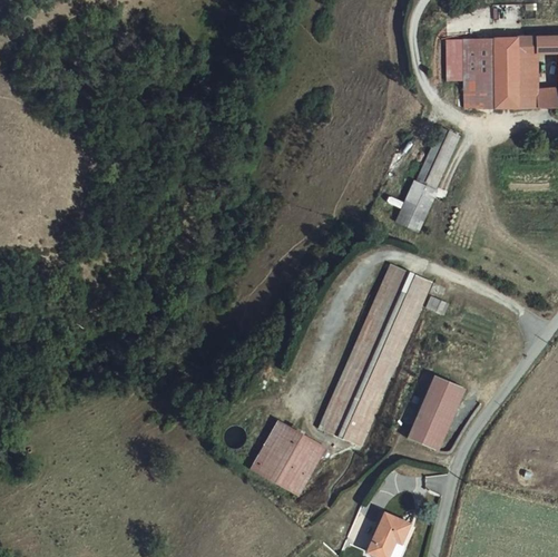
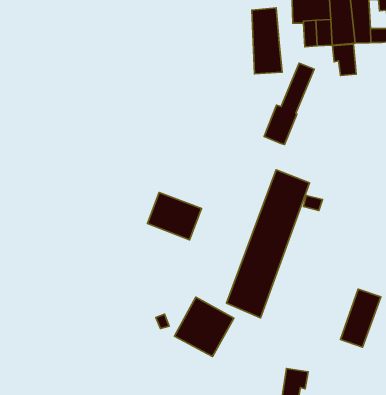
building: none -> [252,8,282,74]
building: none -> [332,44,356,75]
building: none -> [147,193,202,240]
building: [408,377,463,450] -> [341,289,381,347]

